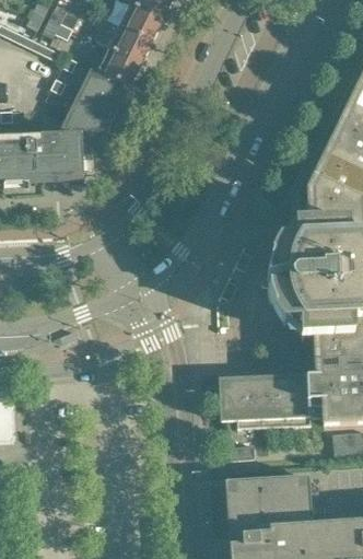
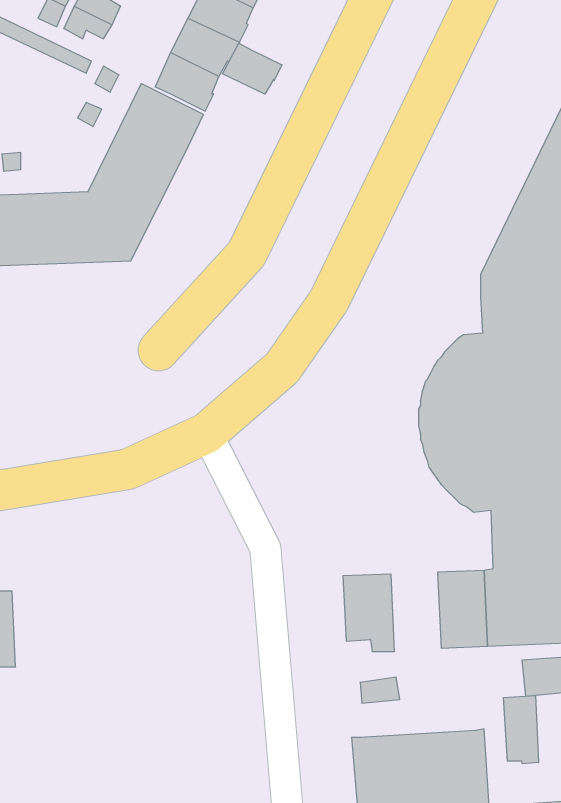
building: none -> [223,43,282,94]
building: [250,375,282,426] -> none
building: none -> [503,696,539,764]

